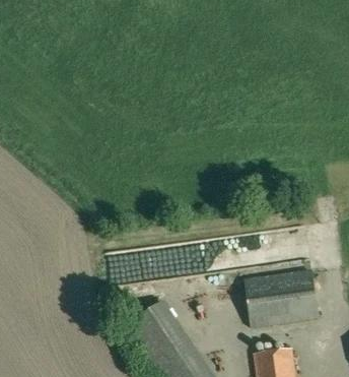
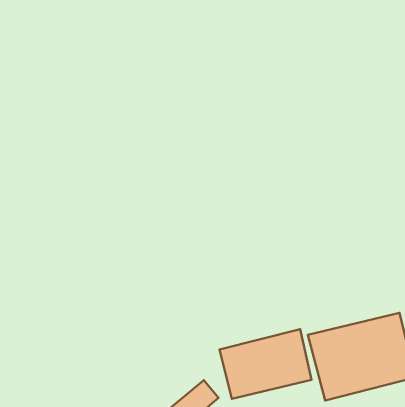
building: none -> [220,329,312,399]

